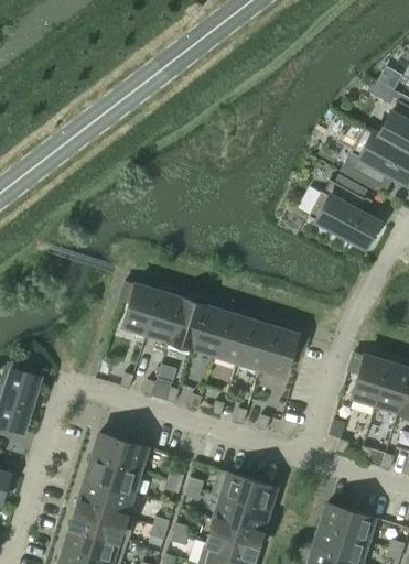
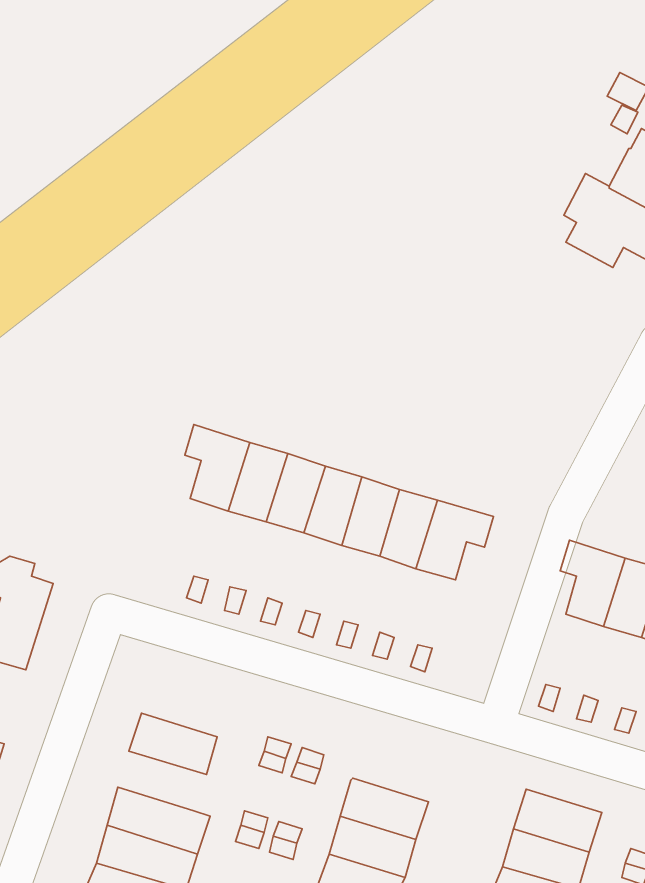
building: [308,181,379,249] -> none
building: [93,434,147,473] -> none
building: [212,471,275,512] -> none
building: [78,481,132,518] -> none

